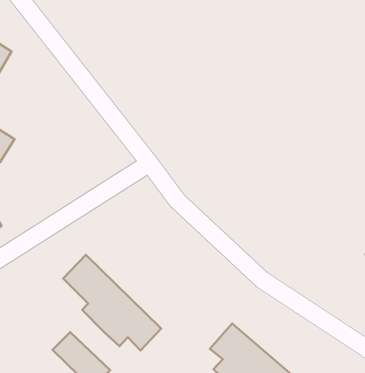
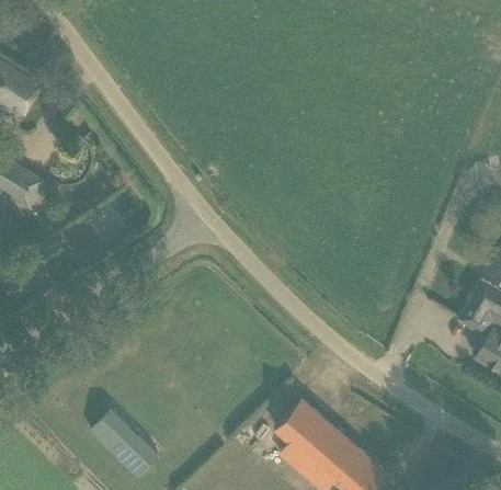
building: [63,255,161,350] -> none

